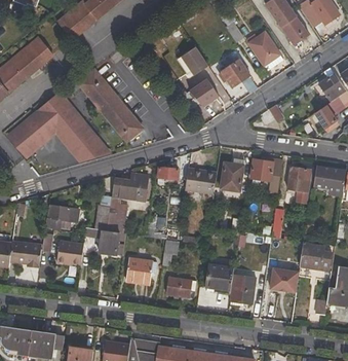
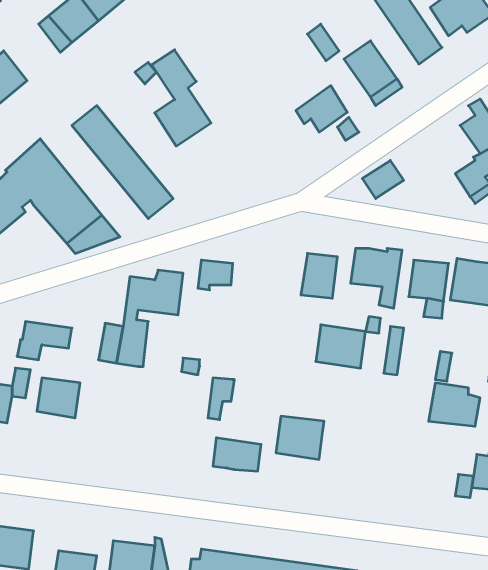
building: [180,46,217,106] -> [151,50,211,146]
building: [185,168,216,194] -> [316,325,366,368]
building: [84,227,119,254] -> none
building: [125,258,156,284] -> none
building: [268,268,298,294] -> none
building: [228,274,263,305] -> none

